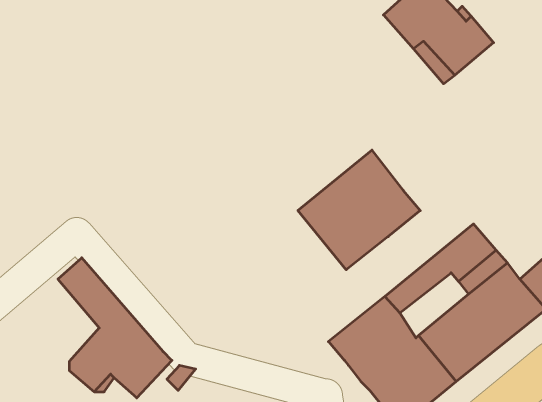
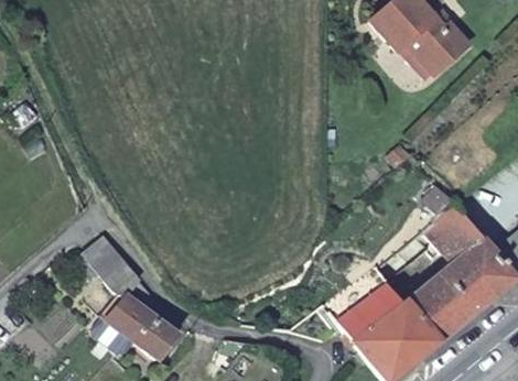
building: [298,150,420,270] -> none

